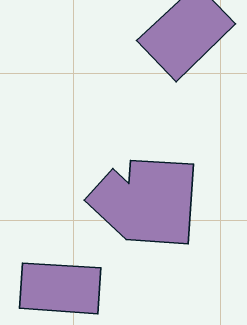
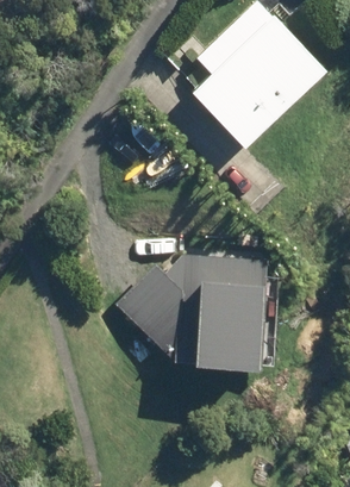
building: [19,263,101,314] -> none

